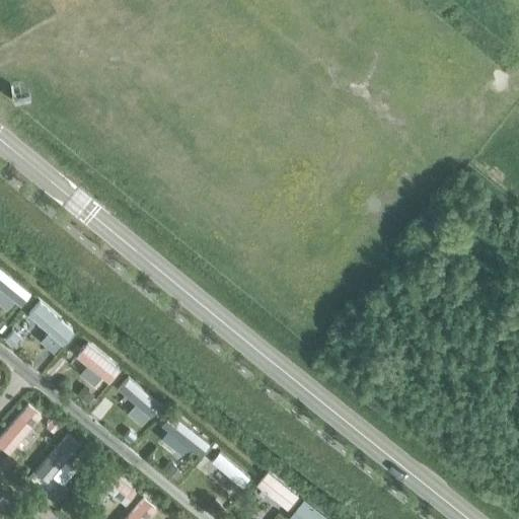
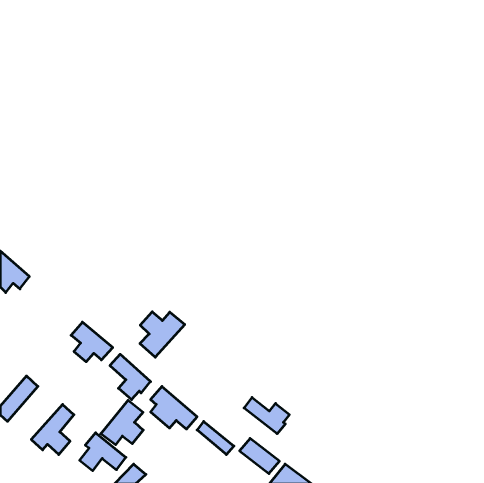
building: [27,304,75,357] -> none
building: none -> [140,312,185,357]
building: none -> [244,397,289,434]
building: none -> [101,400,143,445]

